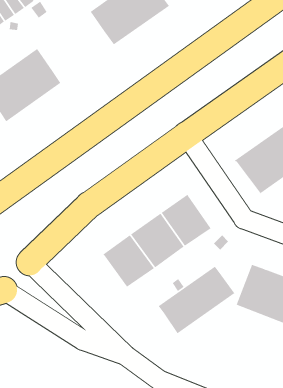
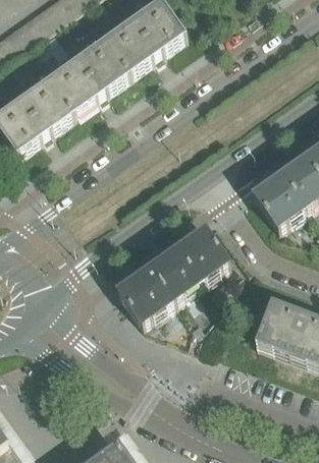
building: none -> [48,38,126,111]
building: [158,266,235,334] -> none

